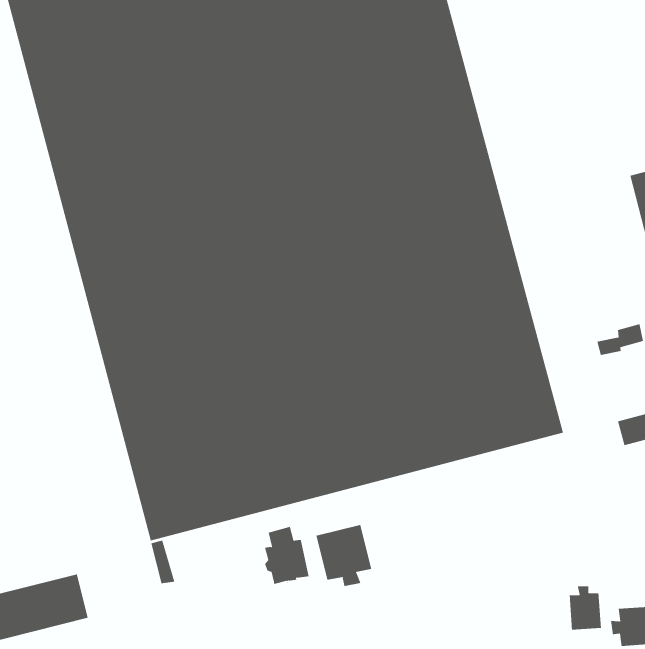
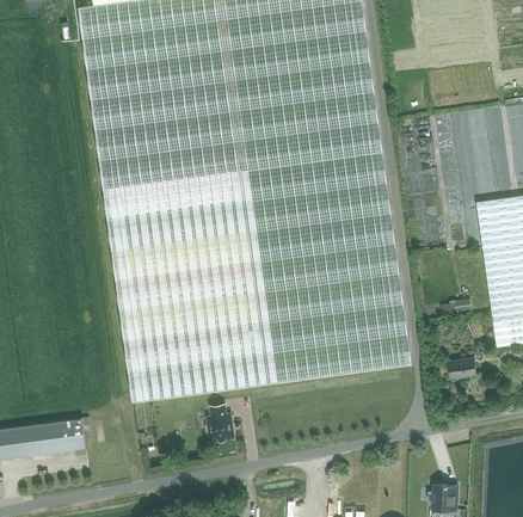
building: [316,524,372,587] -> none
building: [569,585,601,631] -> none

